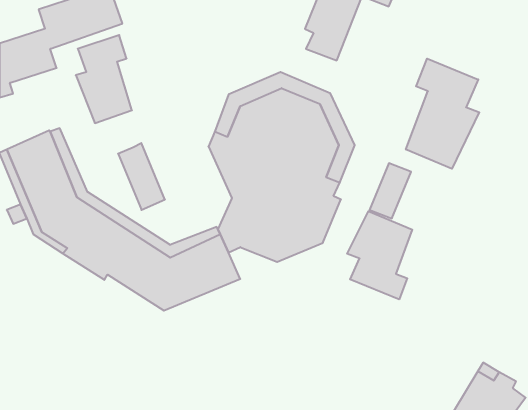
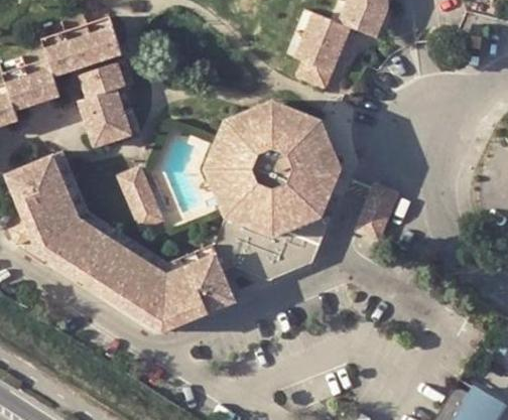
building: [406,59,479,169] -> none
building: [347,211,412,299] -> none
building: none -> [105,290,237,332]

